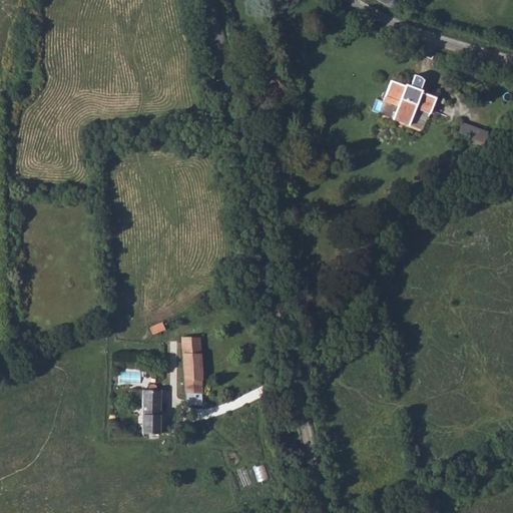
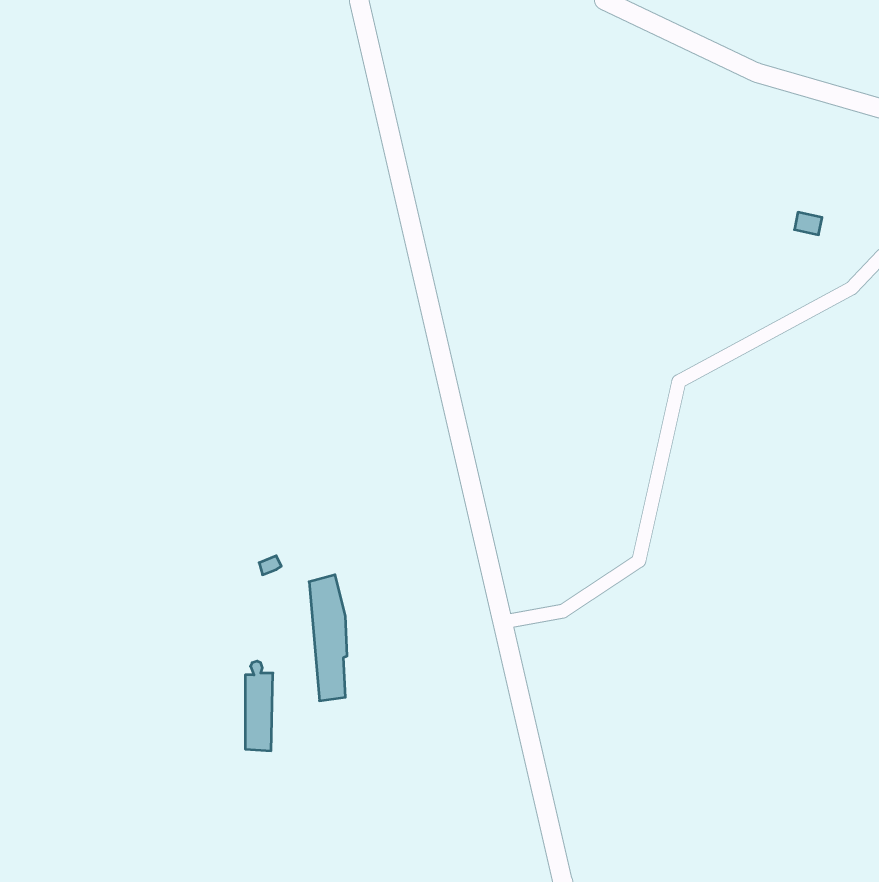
building: [384,73,435,123] -> none

